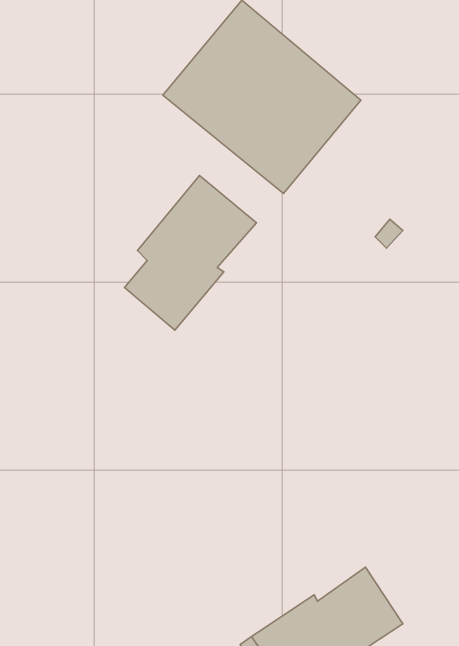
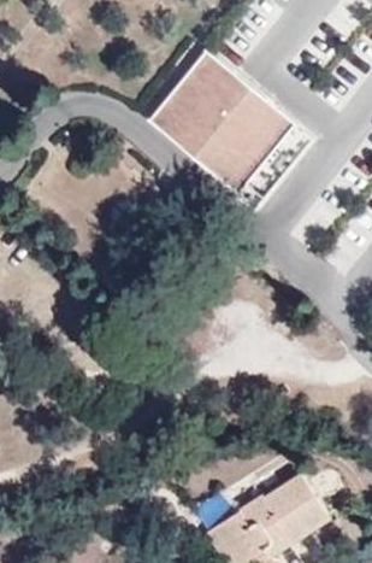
building: [124,176,257,330] -> none

